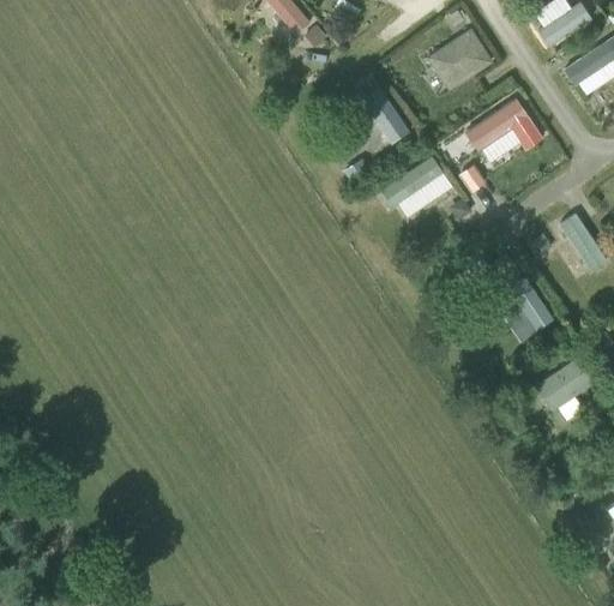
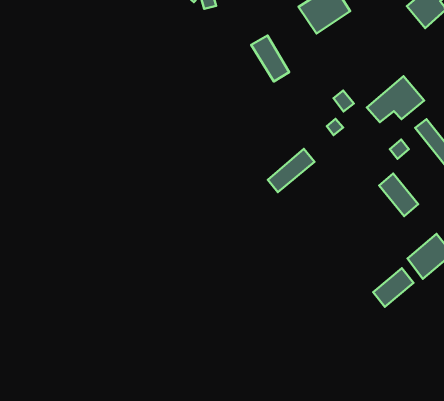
building: [465,97,538,152] -> [367,76,424,122]
building: [380,157,441,209] -> [268,149,314,192]
building: none -> [373,268,413,307]

